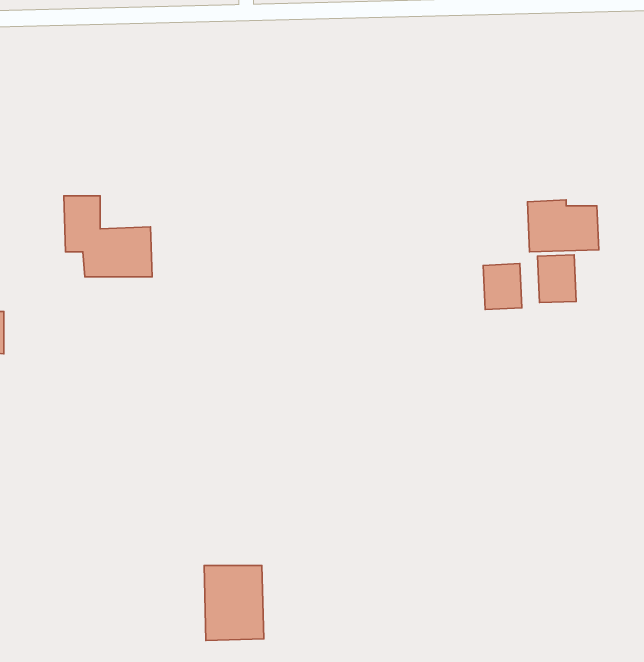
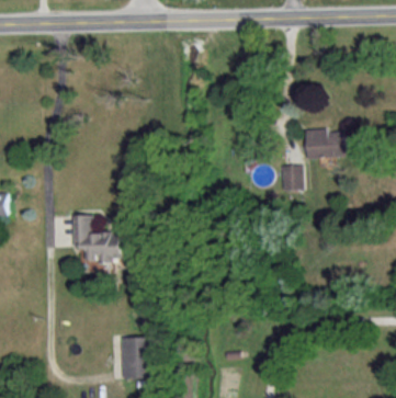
building: [64,196,152,277] -> [70,215,121,261]
building: [538,255,576,303] -> none

